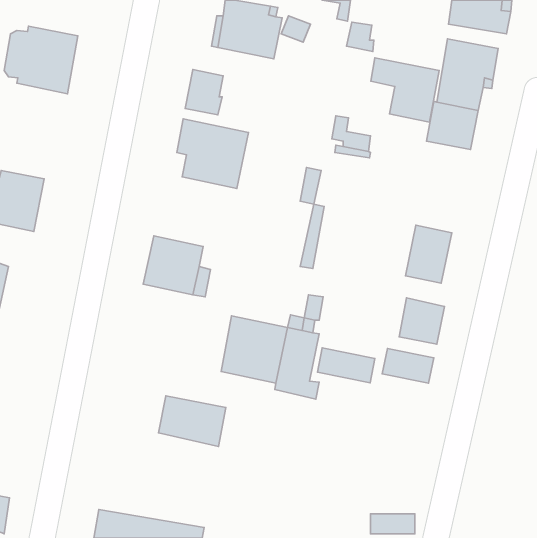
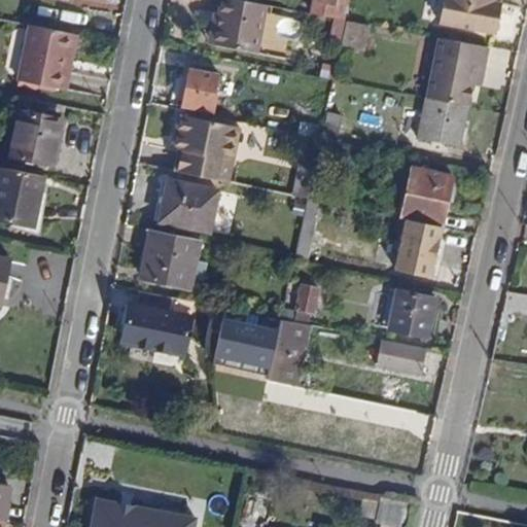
building: [371,58,439,122] -> [384,165,451,227]
building: none -> [11,111,60,165]
building: none -> [161,182,217,232]
building: [318,348,375,383] -> none
building: [158,396,226,446] -> [124,306,189,355]

